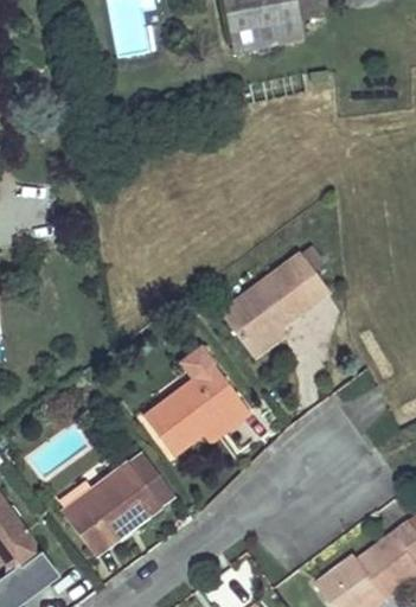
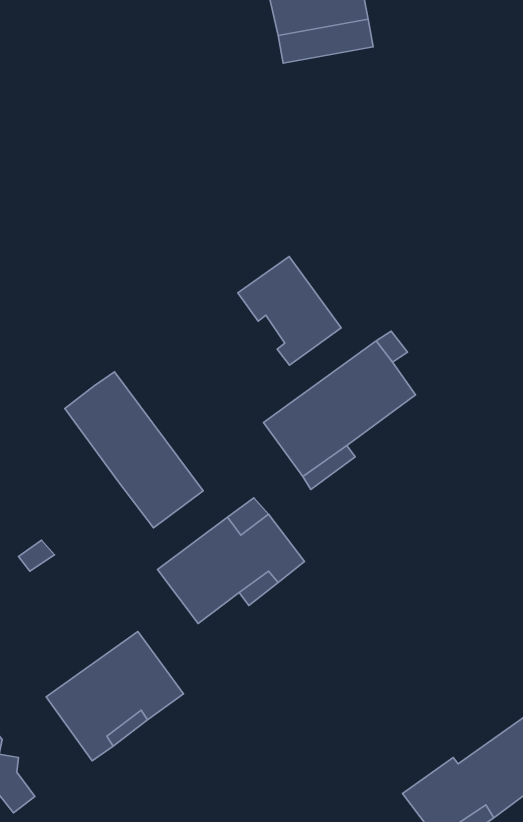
building: none -> [238,256,341,365]
building: none -> [65,372,203,528]

